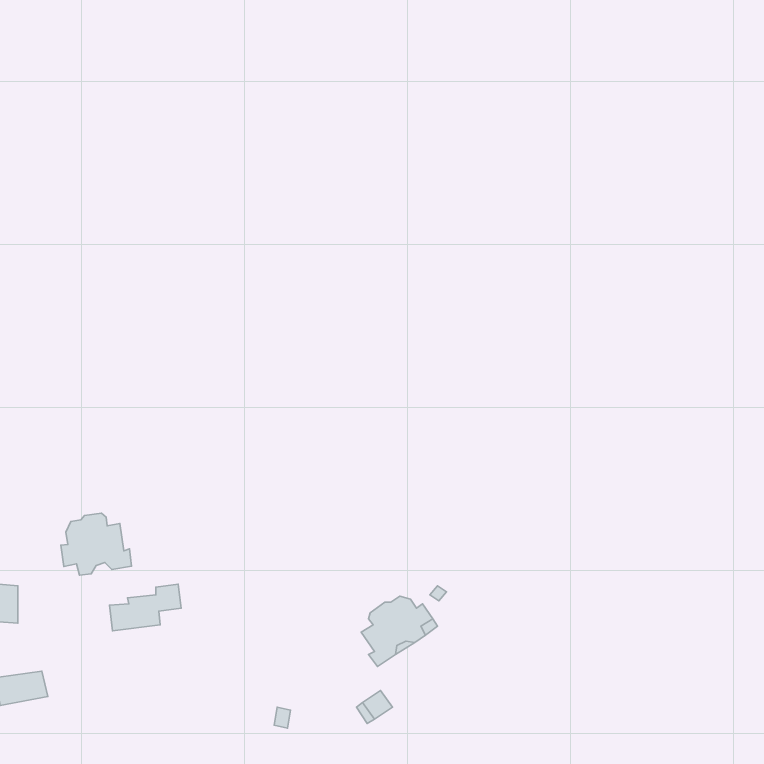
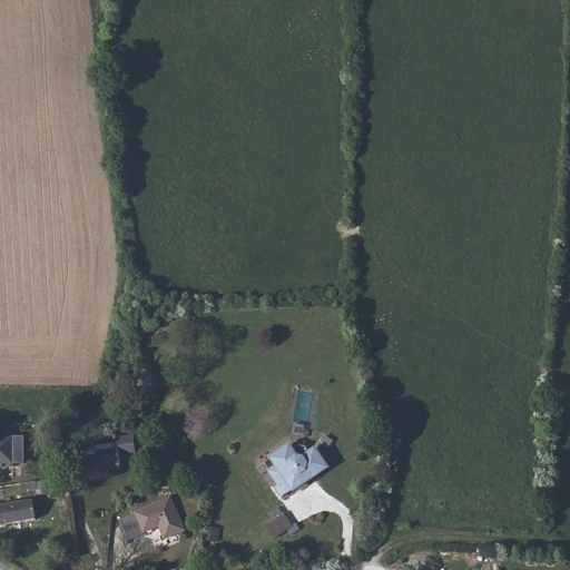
building: [61,513,131,575] -> none
building: none -> [119,495,184,540]

